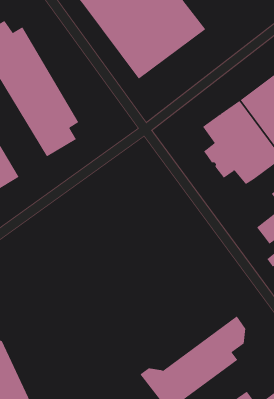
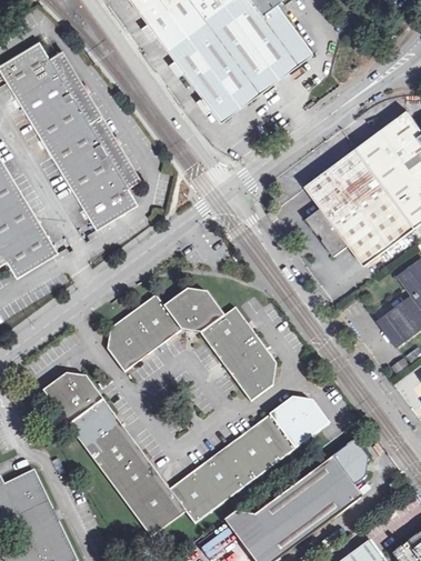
building: none -> [107,290,275,403]
building: none -> [41,373,327,537]

